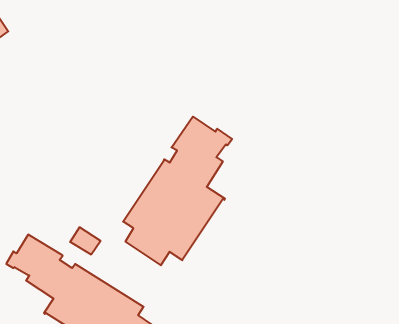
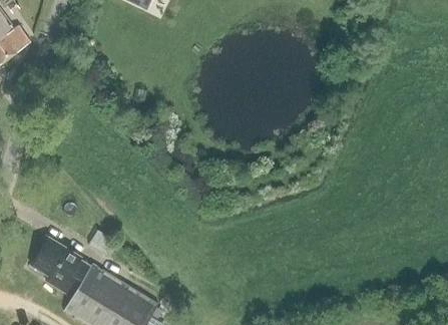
building: [123,117,232,265] -> none

